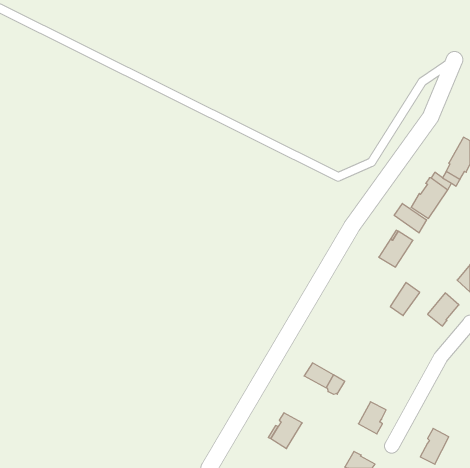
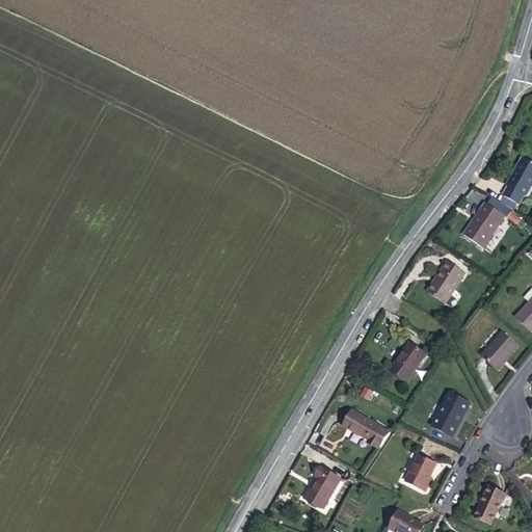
building: [394,203,427,233] -> none
building: [390,282,420,316] -> [392,341,425,378]
building: none -> [433,395,470,438]

